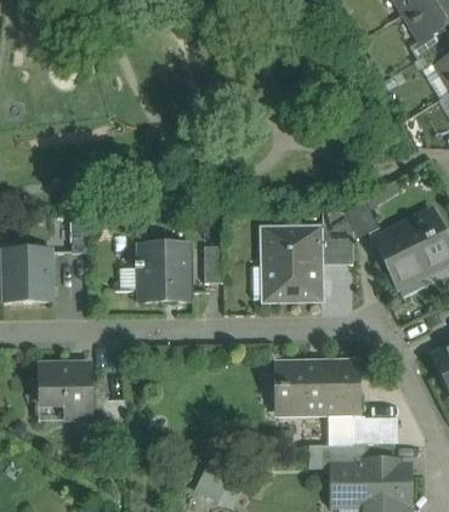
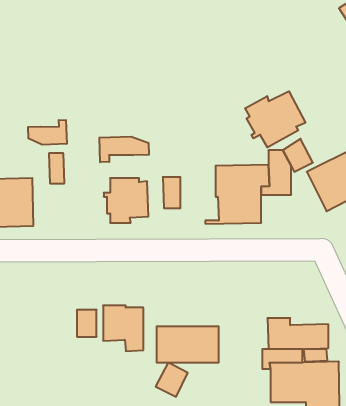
building: none -> [245,91,305,147]
building: none -> [28,120,67,145]
building: none -> [99,137,149,162]
building: [41,363,89,416] -> [103,305,143,351]
building: [279,366,352,409] -> [157,326,219,363]

